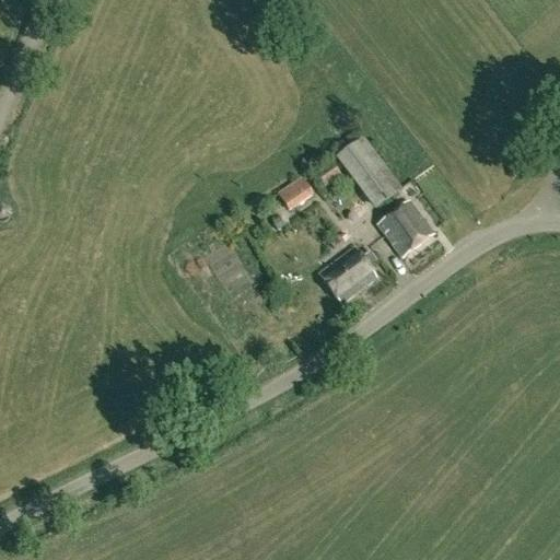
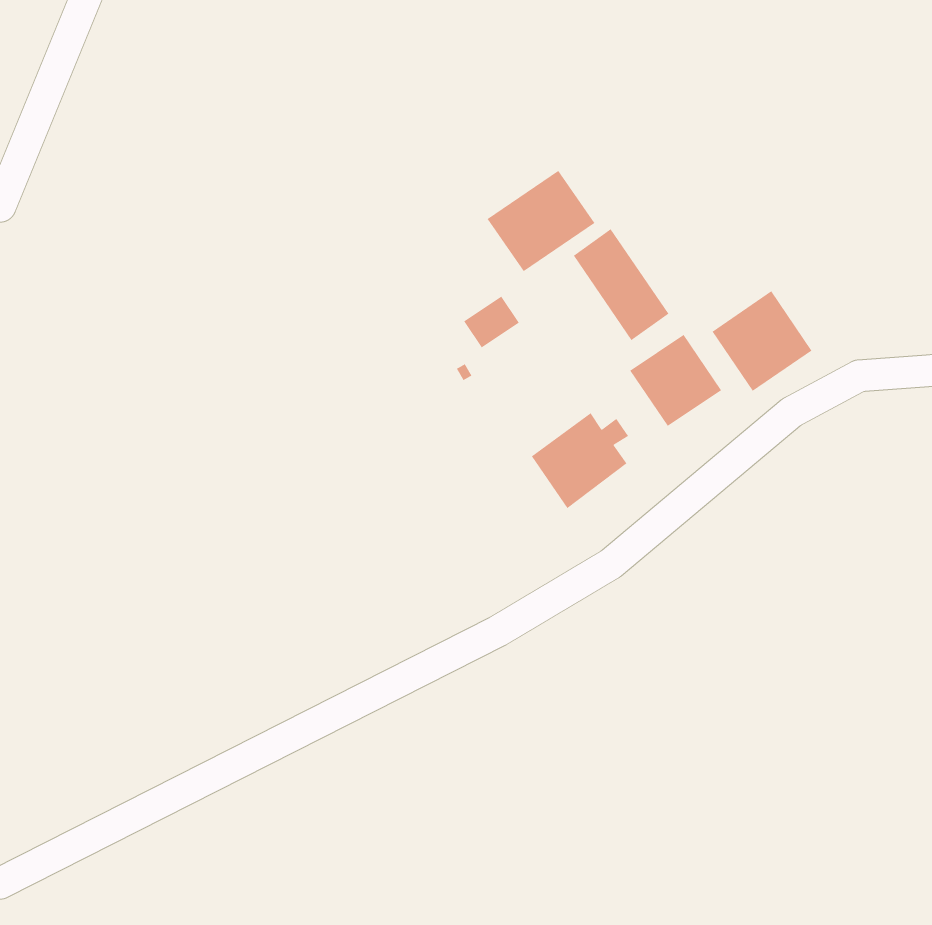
building: none -> [487,170,595,272]
building: none -> [712,290,812,392]

